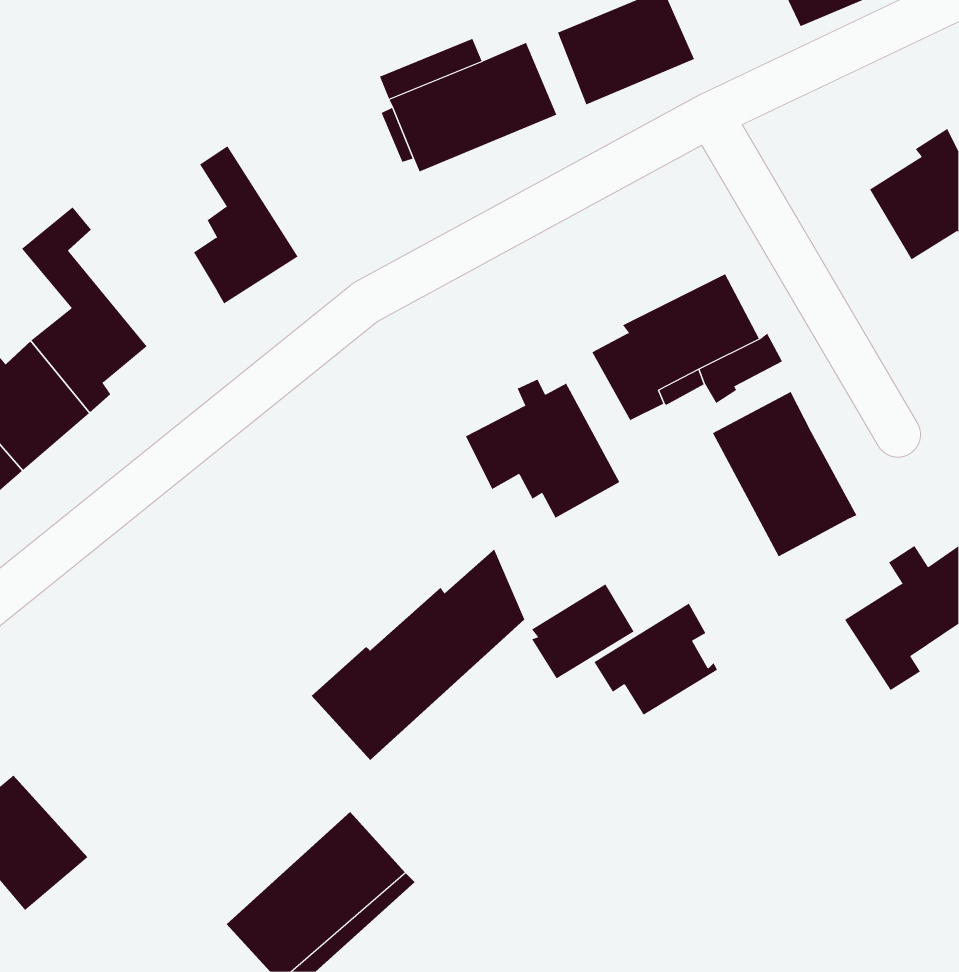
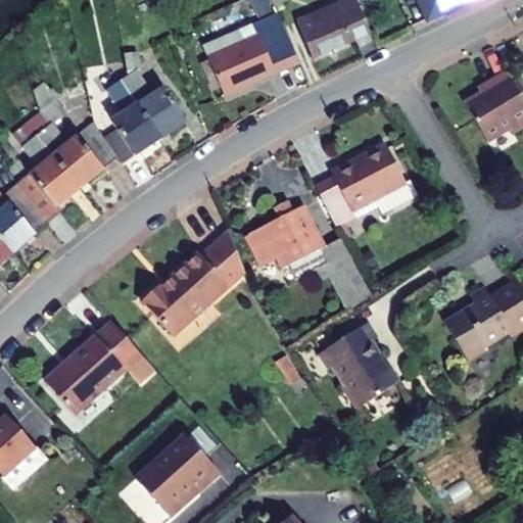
building: none -> [122,48,186,137]
building: none -> [33,79,115,185]
building: [712,391,857,557] -> none
building: [311,549,525,761] -> [130,229,244,342]
building: [531,584,635,679] -> [343,358,398,409]
building: none -> [45,320,152,412]

